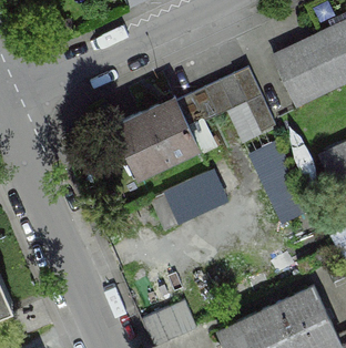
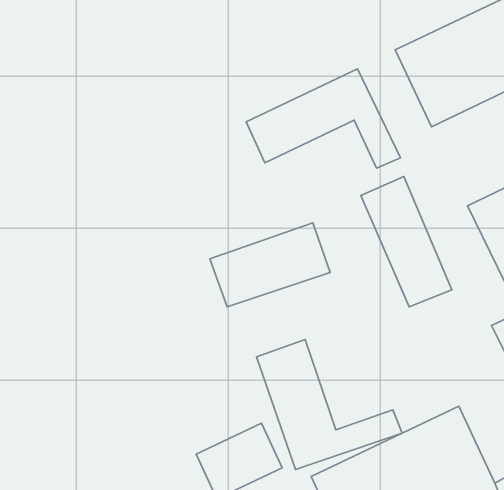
building: [114,98,197,175] -> none
building: none -> [257,339,402,470]

